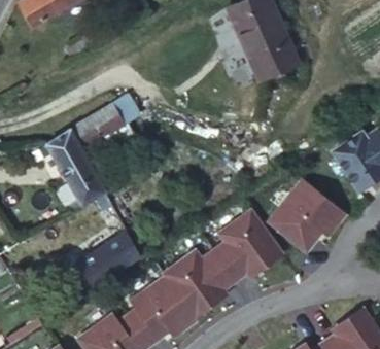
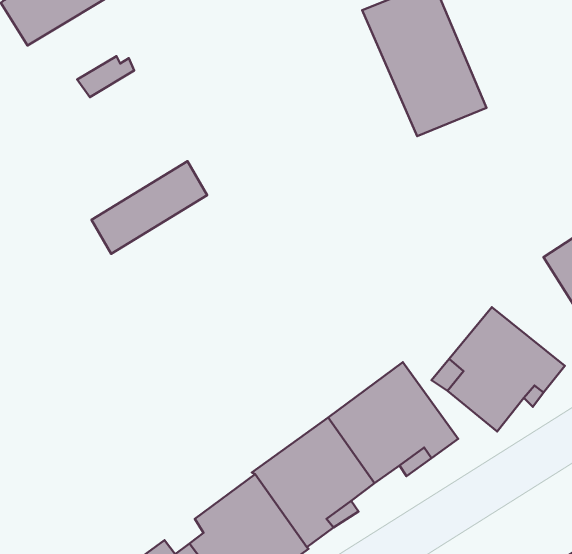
building: [44,129,105,206] -> none
building: [80,230,142,286] -> none

